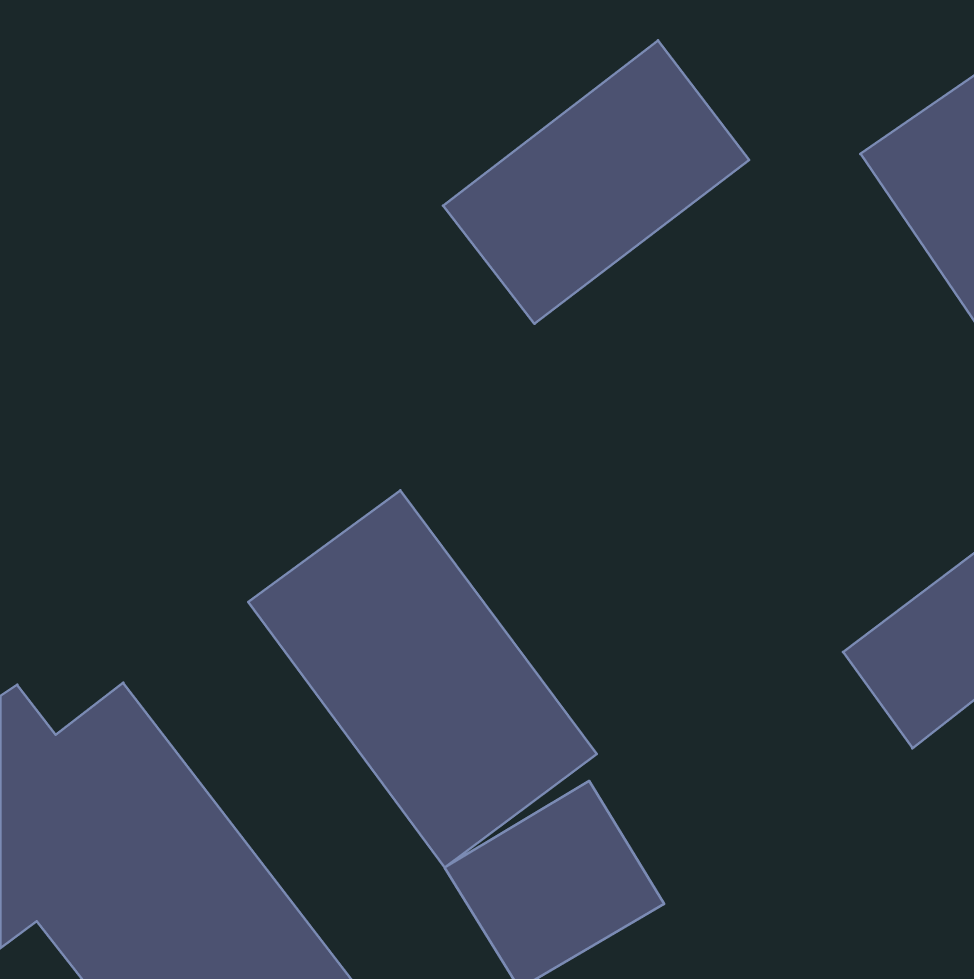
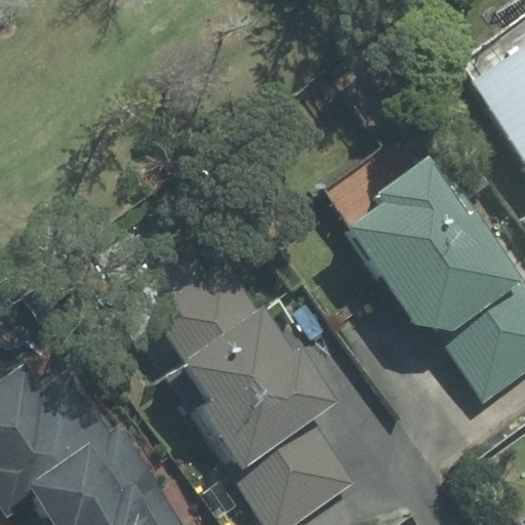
building: [443,40,749,324] -> none
building: none -> [340,172,509,340]

